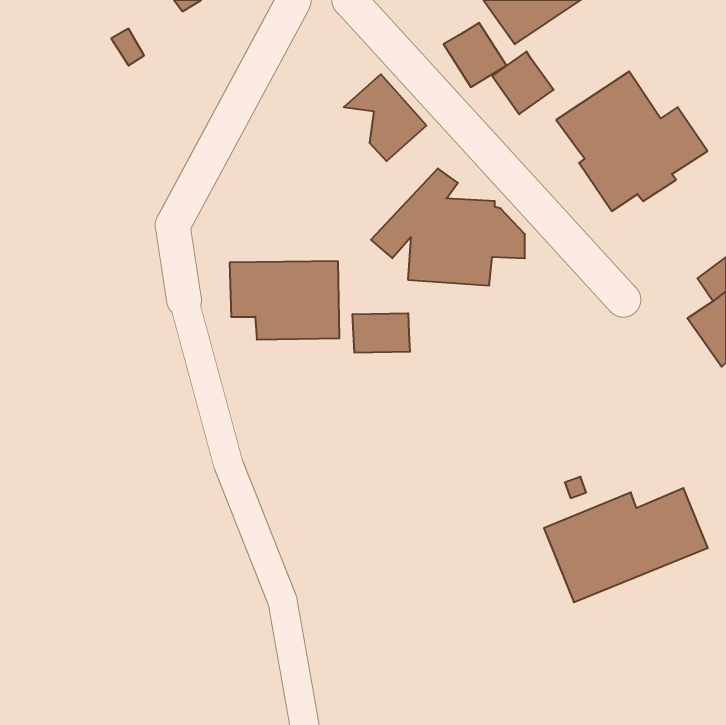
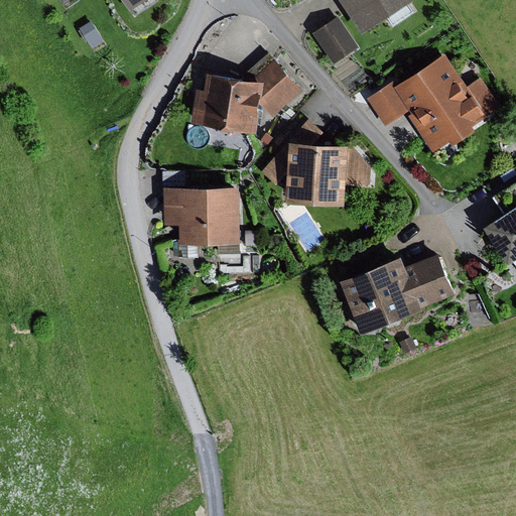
building: [492,51,554,114] -> [366,83,409,127]
building: none -> [191,74,264,133]
building: [353,313,410,353] -> none
building: [544,488,708,602] -> [341,254,457,335]

